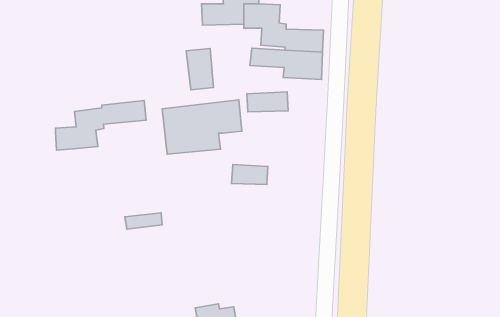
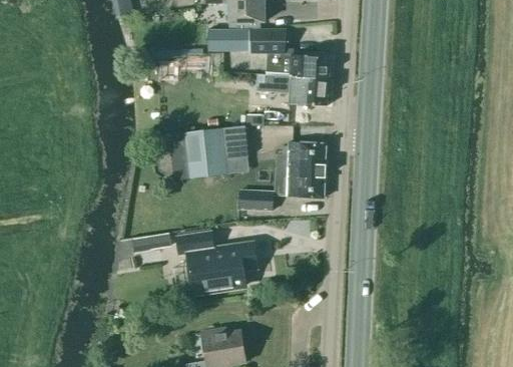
building: [186,48,213,90] -> none
building: [55,100,146,150] -> none
building: none -> [282,142,326,199]
building: none -> [176,232,258,293]

